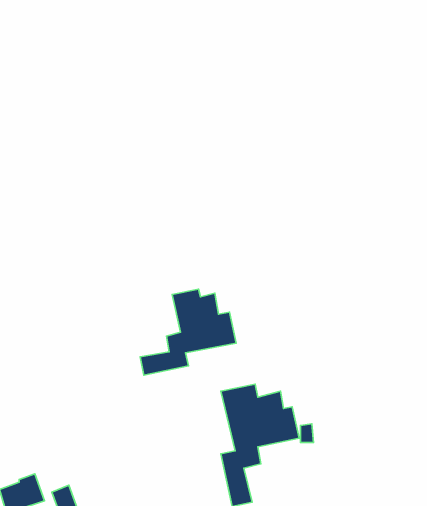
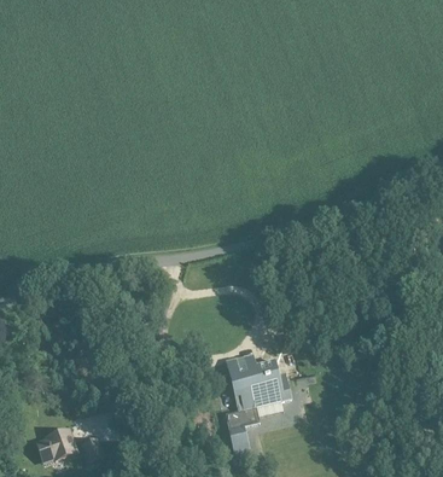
building: [140,289,236,375] -> none

